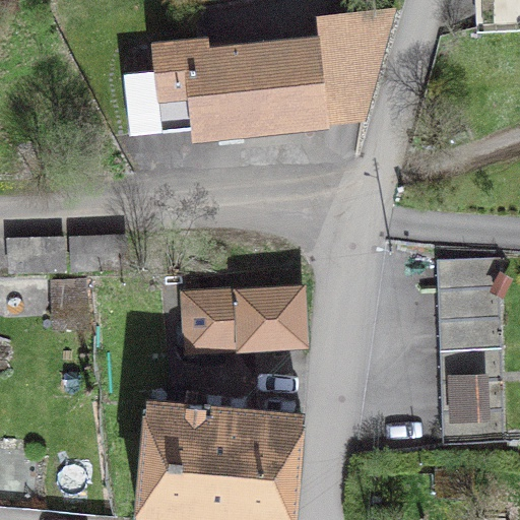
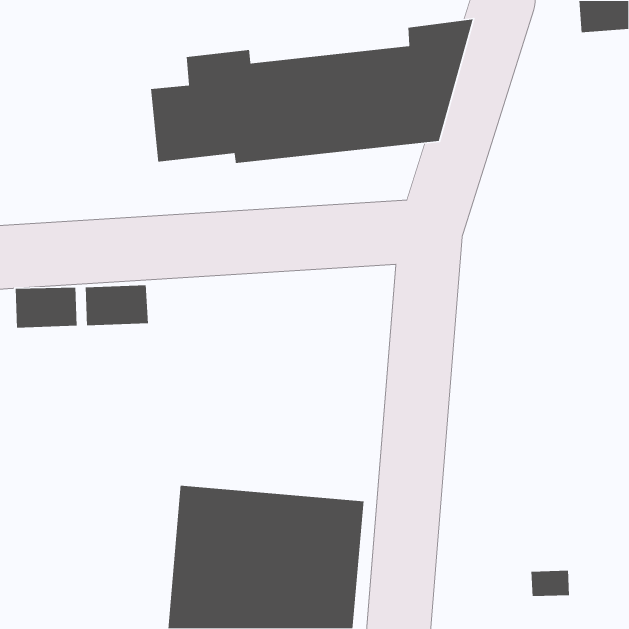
building: [437,257,504,442] -> none
building: [185,287,305,349] -> none

